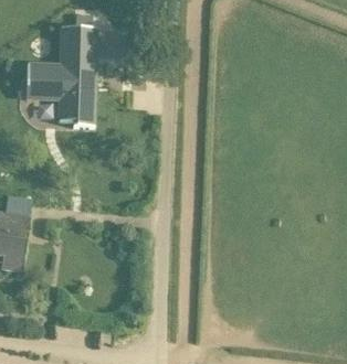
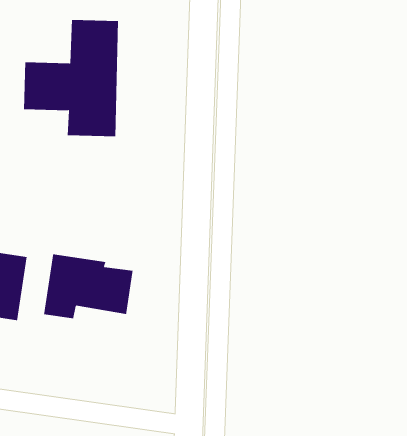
building: none -> [44,253,133,319]

